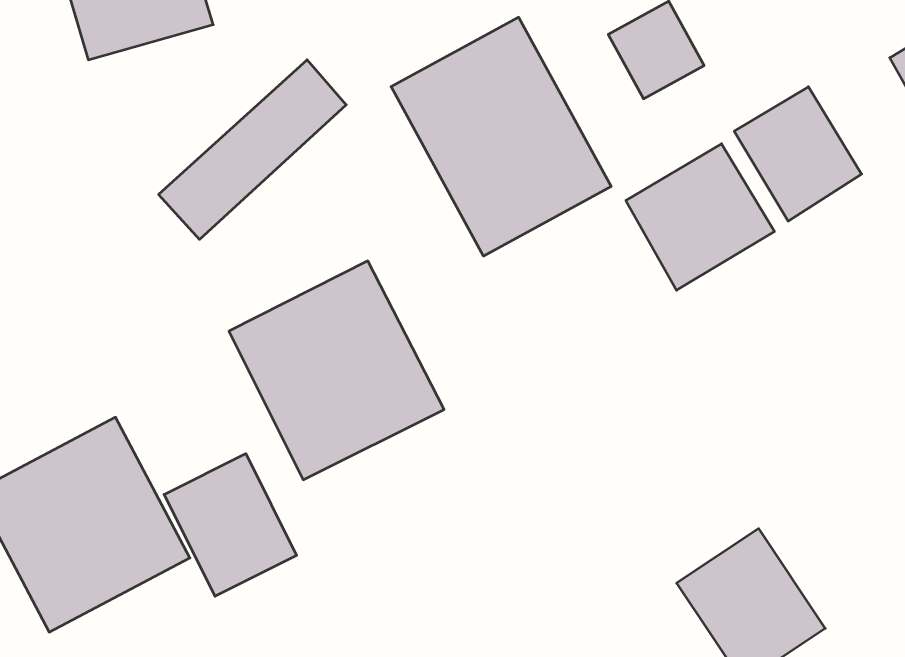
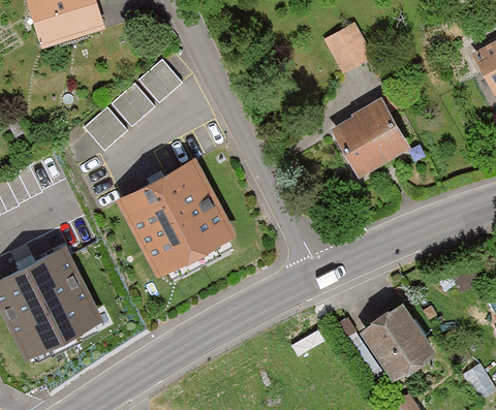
building: [391,17,611,256] -> none
building: [734,87,862,221] -> none
building: [164,454,297,596] -> none

